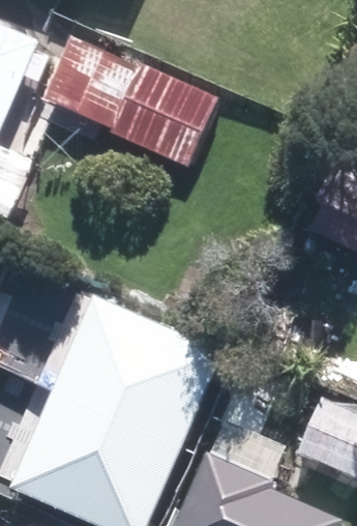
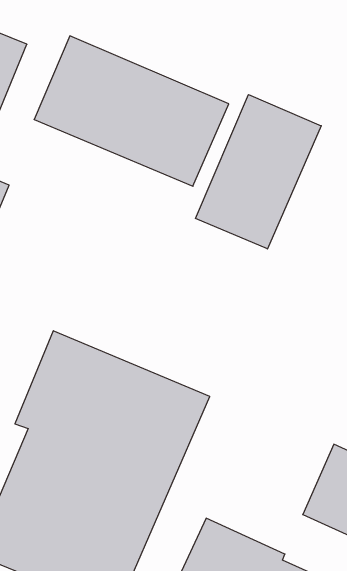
building: none -> [195,95,321,249]

